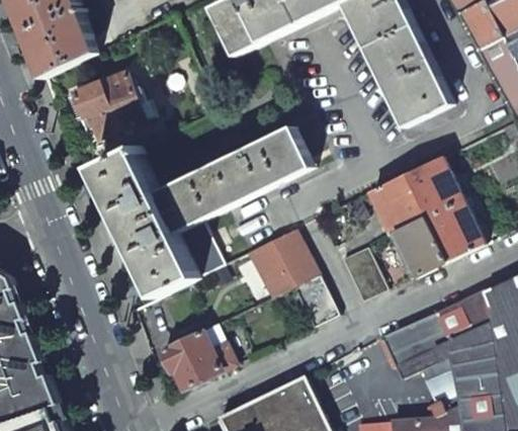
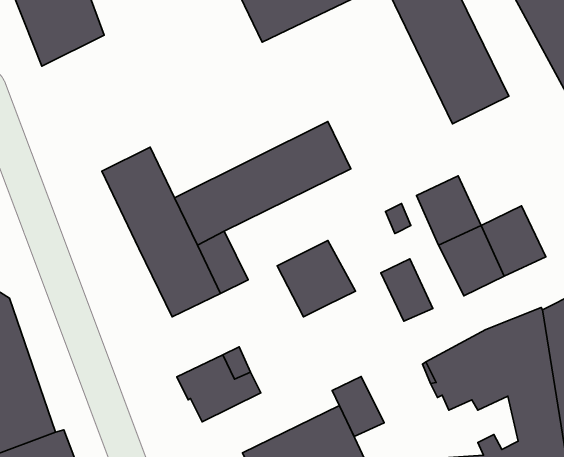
building: [72,72,144,138] -> none
building: [406,156,461,217] -> none
building: [290,274,336,327] -> [332,377,384,437]

